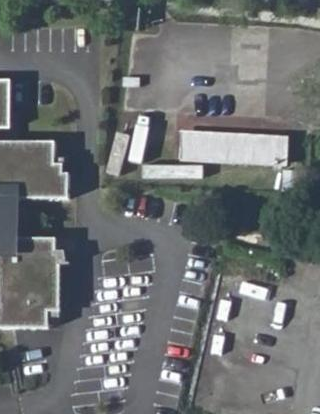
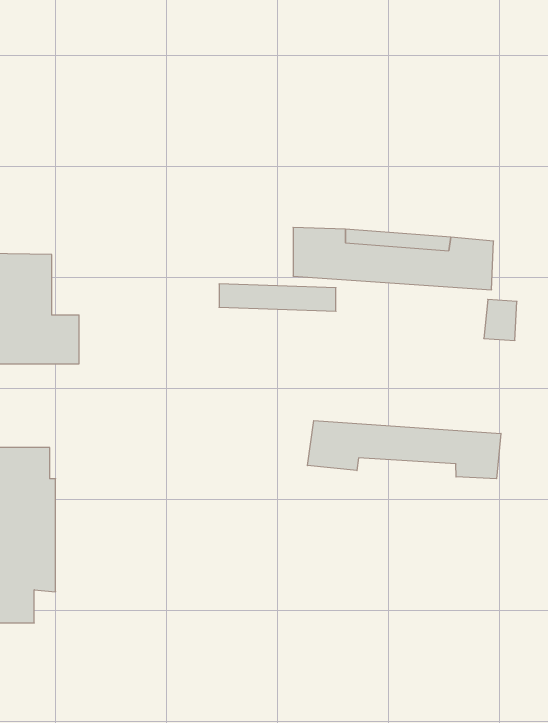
building: none -> [307,421,501,479]

